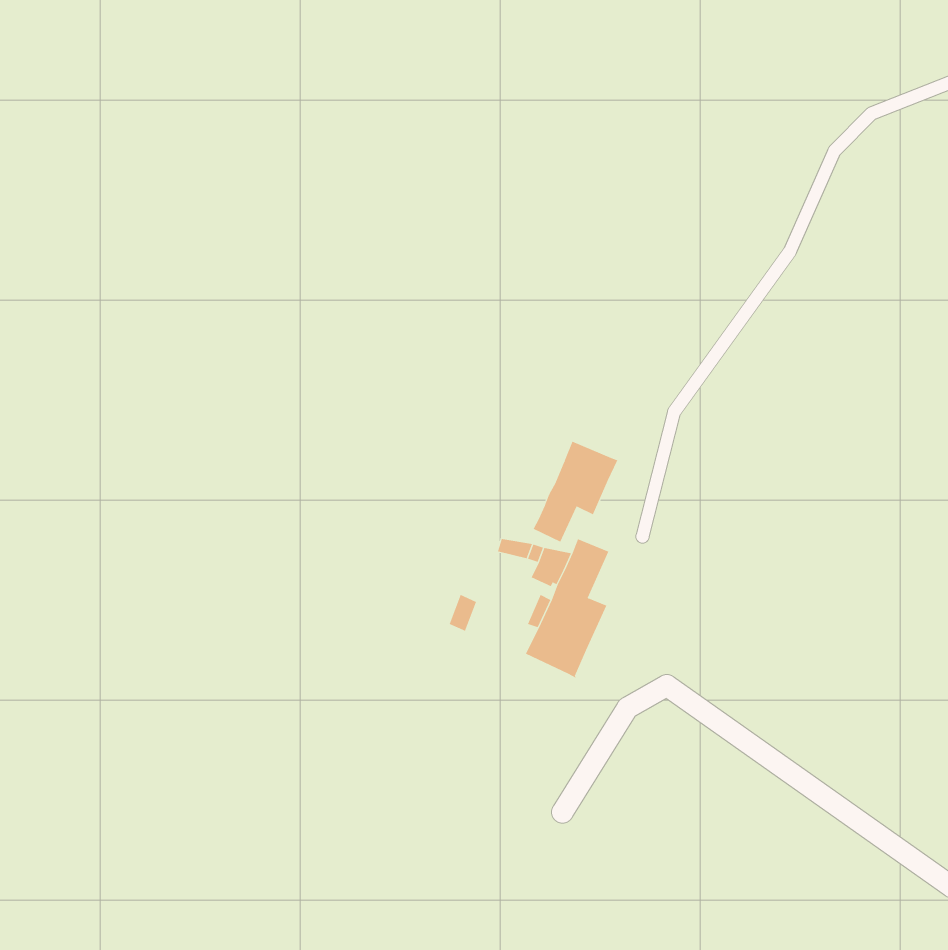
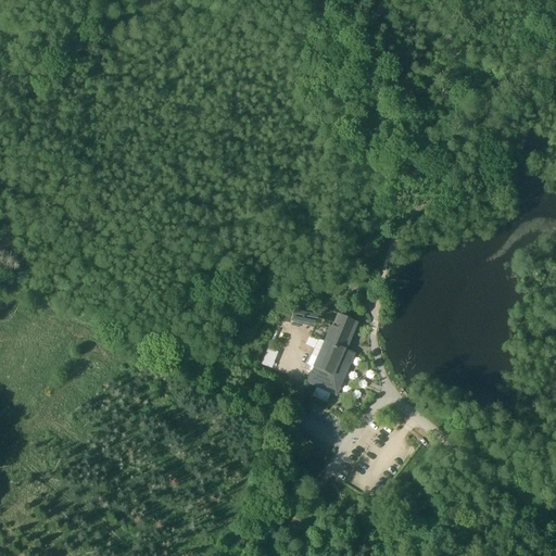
building: [533,441,619,543] -> none

